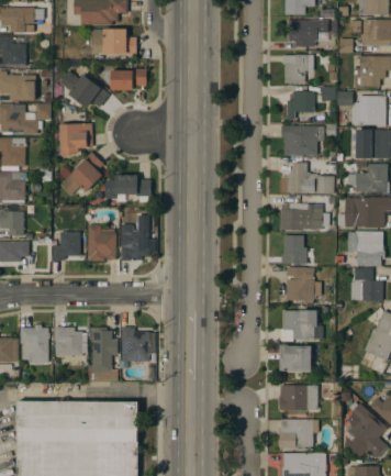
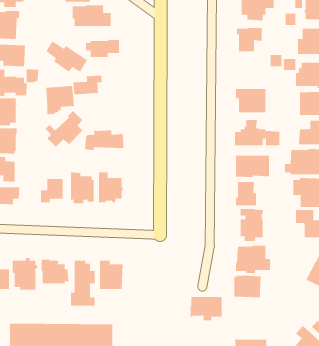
building: [288,91,314,120] -> none
building: none -> [73,75,102,95]
building: [279,386,317,414] -> [190,296,223,321]

